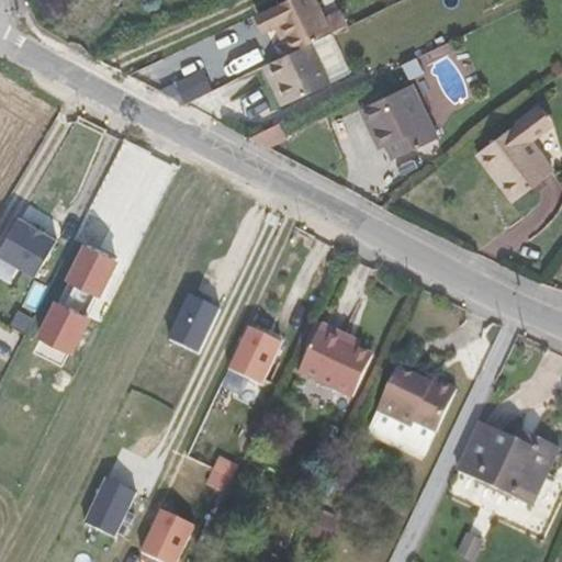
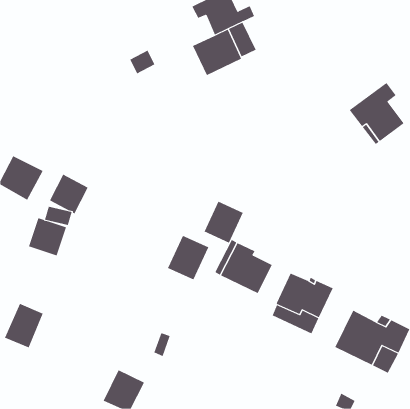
building: [359,81,438,157] -> none
building: none -> [204,201,244,244]
building: [169,290,222,349] -> none
building: [85,473,138,535] -> [4,303,44,348]

